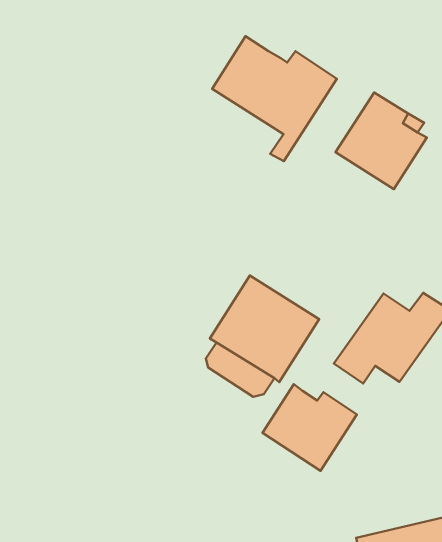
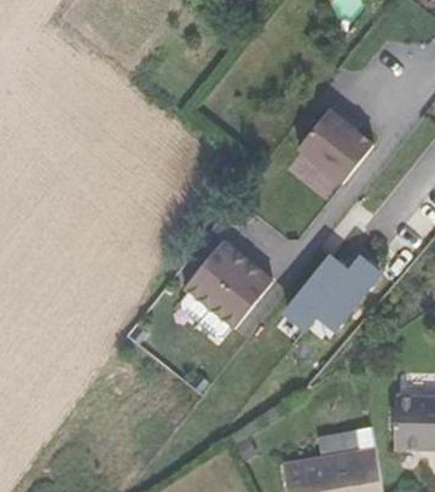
building: [212,36,337,161] -> none
building: [262,384,357,471] -> none

